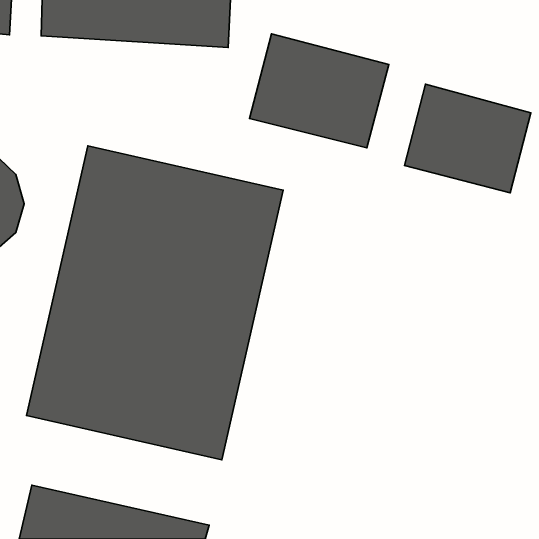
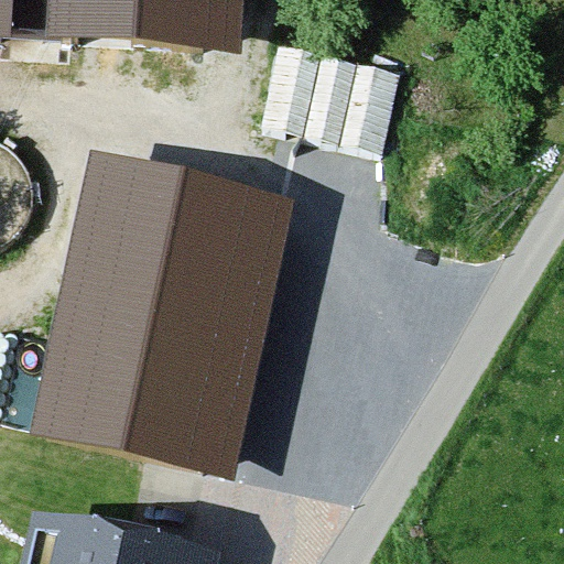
building: [405,84,531,193] -> none

